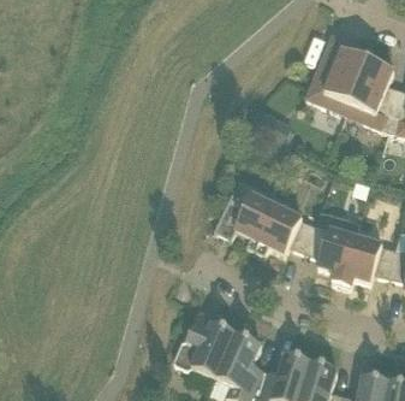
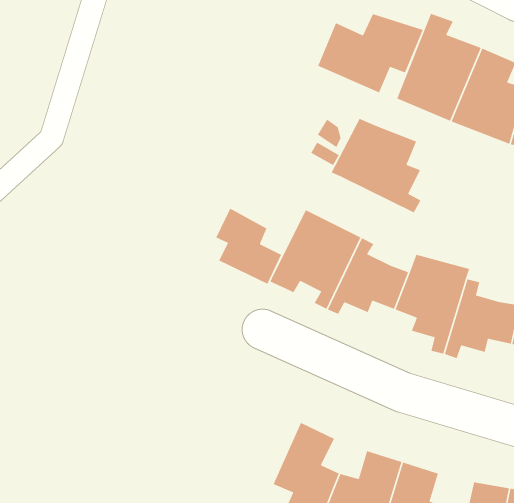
building: none -> [317,13,424,93]
building: none -> [331,118,421,213]
building: none -> [215,207,282,285]
building: [174,309,237,378] -> none

